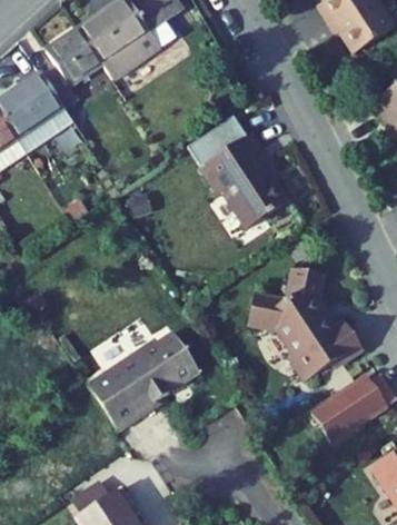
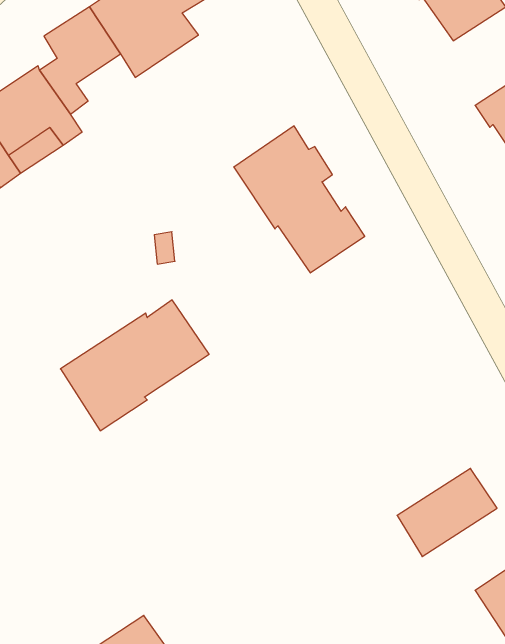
building: [247,266,361,378] -> none
building: [87,330,199,429] -> [60,300,209,431]

